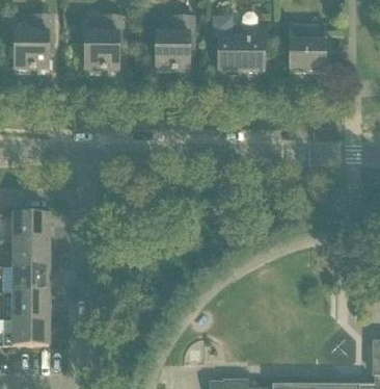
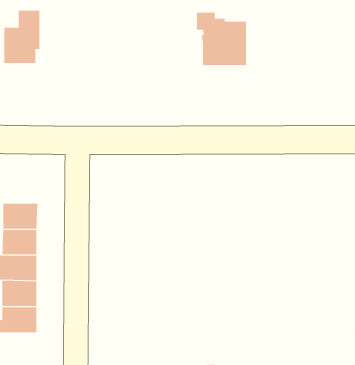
building: [156,14,193,70] -> none
building: [85,15,123,70] -> none
building: [289,23,326,71] -> none

